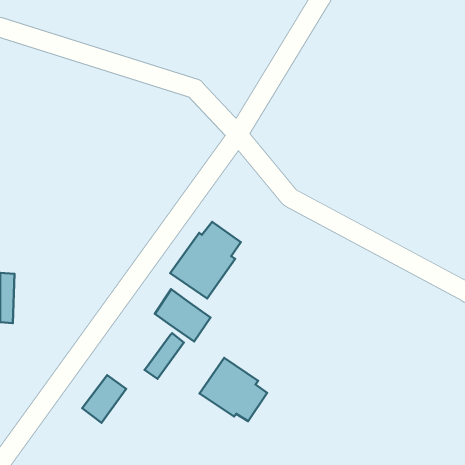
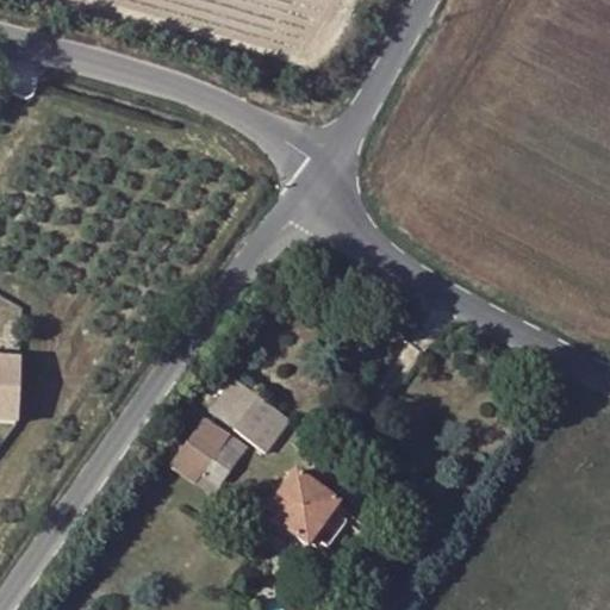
building: [170,222,241,298] -> none
building: [82,375,126,423] -> [168,418,225,480]

